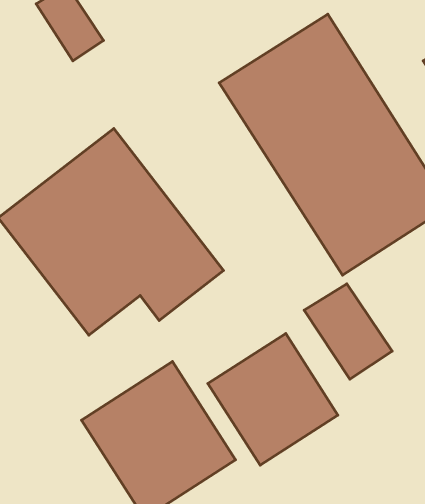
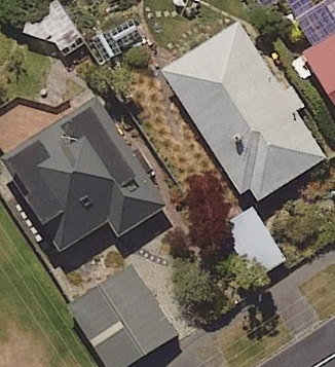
building: [208,334,338,465] -> none

